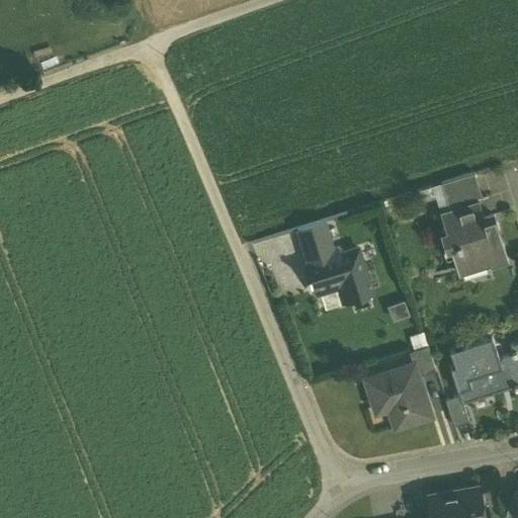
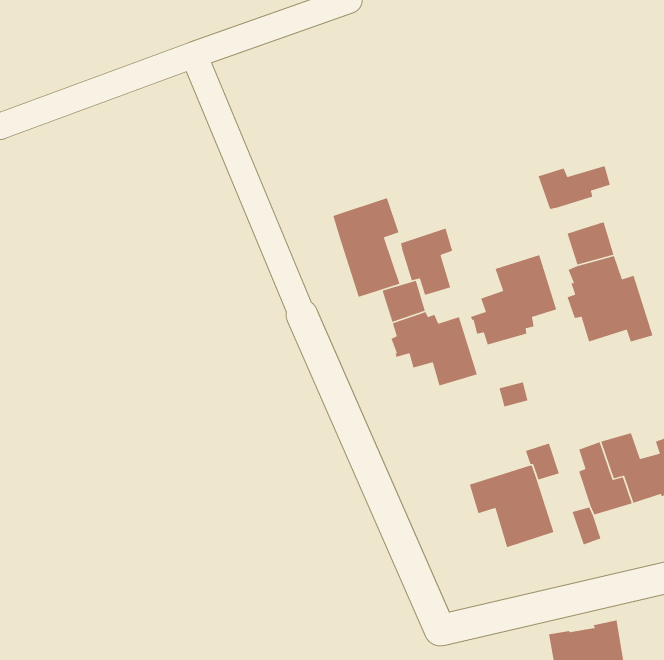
building: none -> [537,165,611,210]
building: none -> [332,197,401,298]
building: none -> [400,228,453,296]
building: none -> [470,254,557,346]

